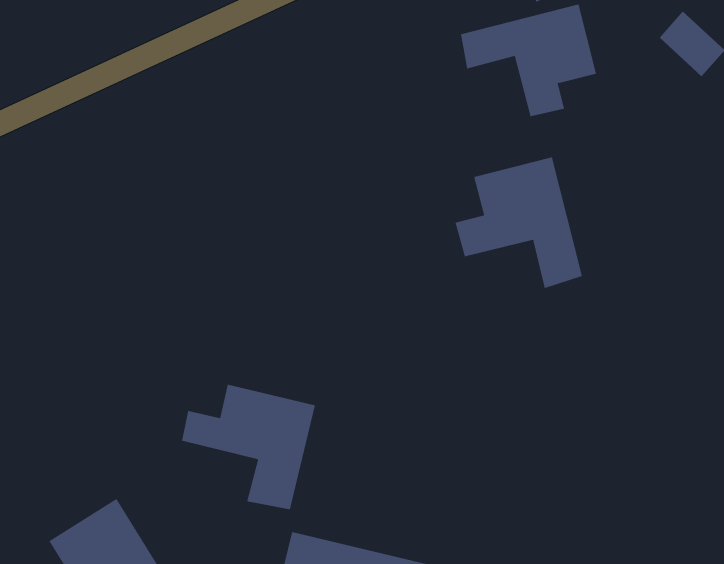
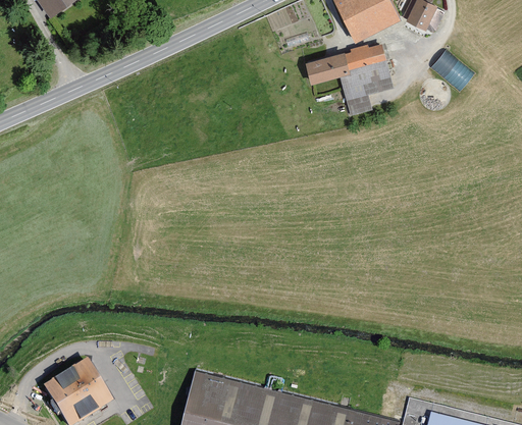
building: [455,156,583,289] -> none
building: [182,384,315,510] -> none

